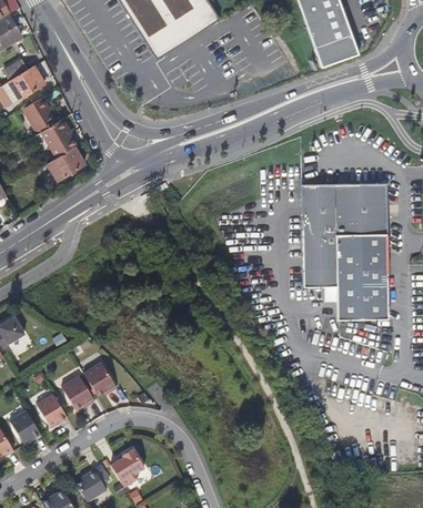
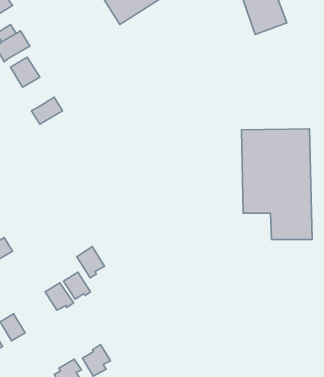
building: [41,119,75,156] -> none
building: none -> [77,247,104,278]
building: [36,394,67,427] -> none

